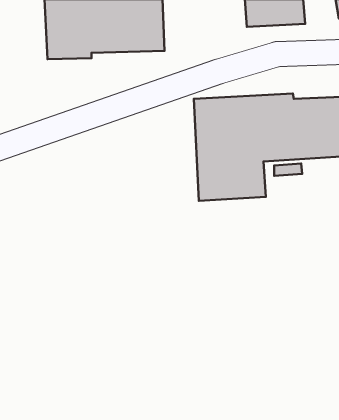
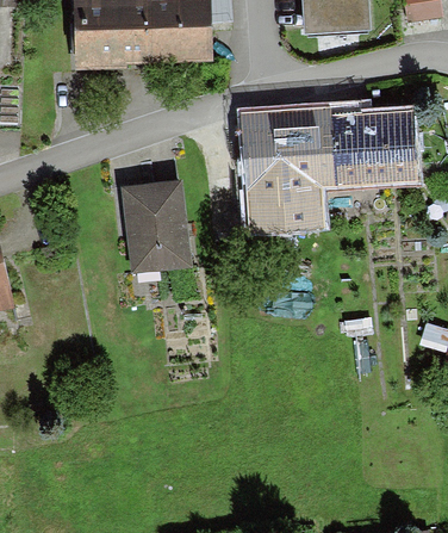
building: none -> [123,181,189,273]

